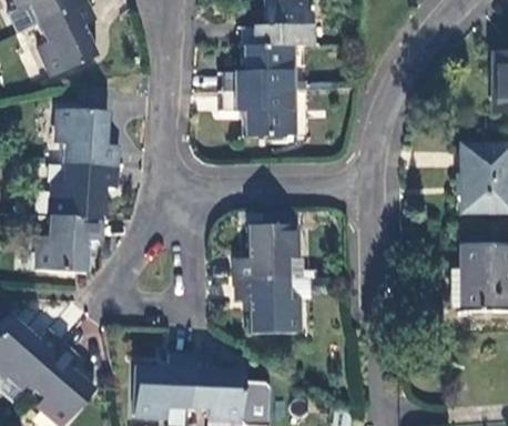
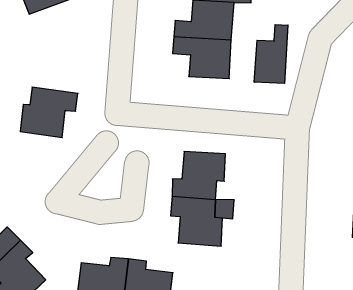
building: none -> [254,25,288,83]
building: [57,95,118,166] -> none
building: [39,216,102,274] -> none

